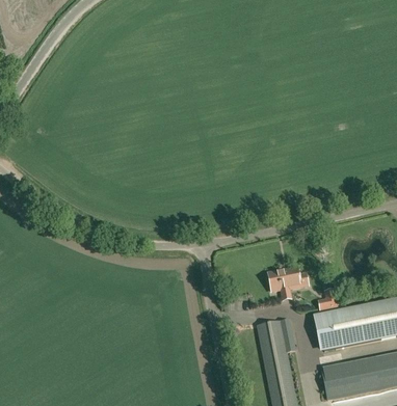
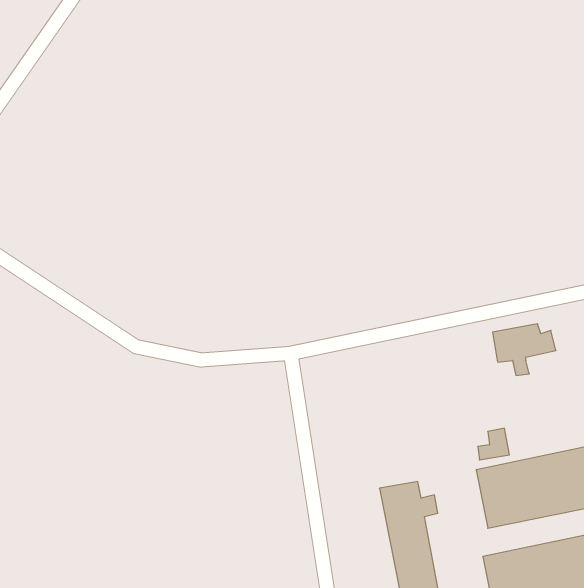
building: [268,267,308,299] -> [493,324,556,375]

